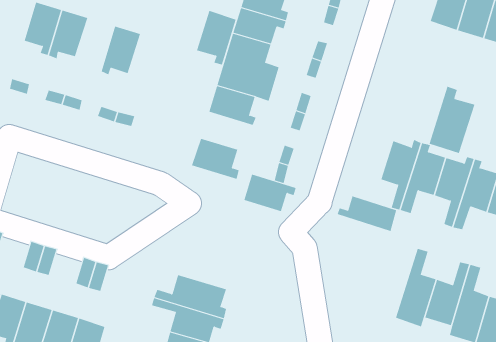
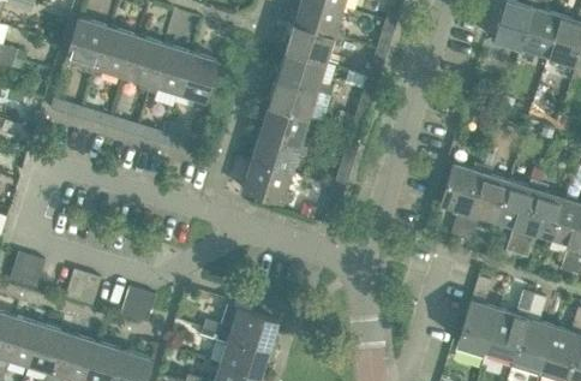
building: [196,10,236,65] -> [175,52,217,109]
building: none -> [120,35,161,91]
building: [429,86,475,154] -> none
building: [244,174,296,212] -> [251,133,306,173]
building: [337,196,397,232] -> none

